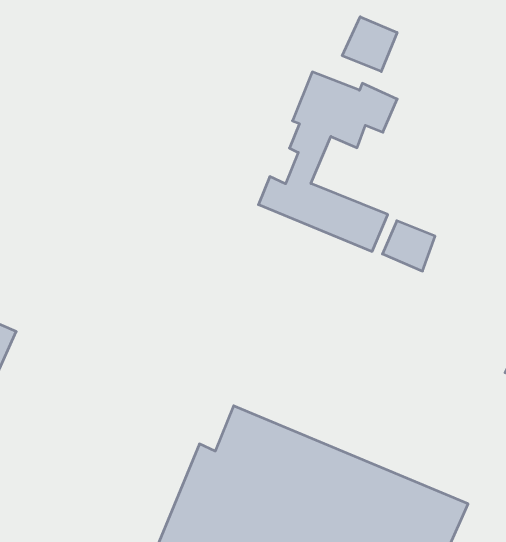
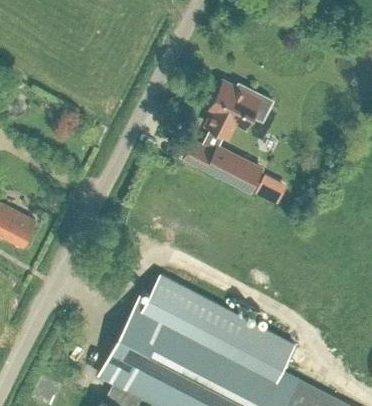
building: [342,17,397,72] -> none

